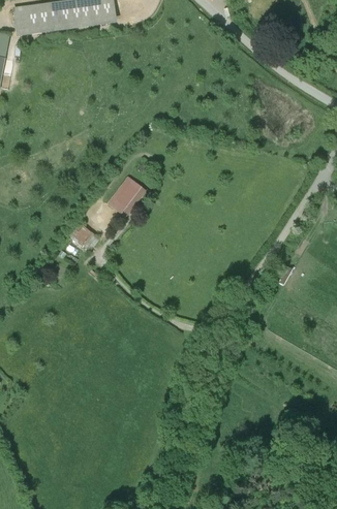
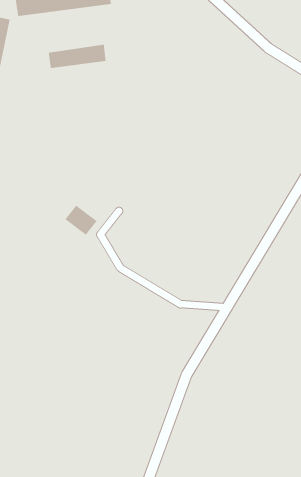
building: none -> [48,44,106,69]
building: [105,176,145,217] -> none

